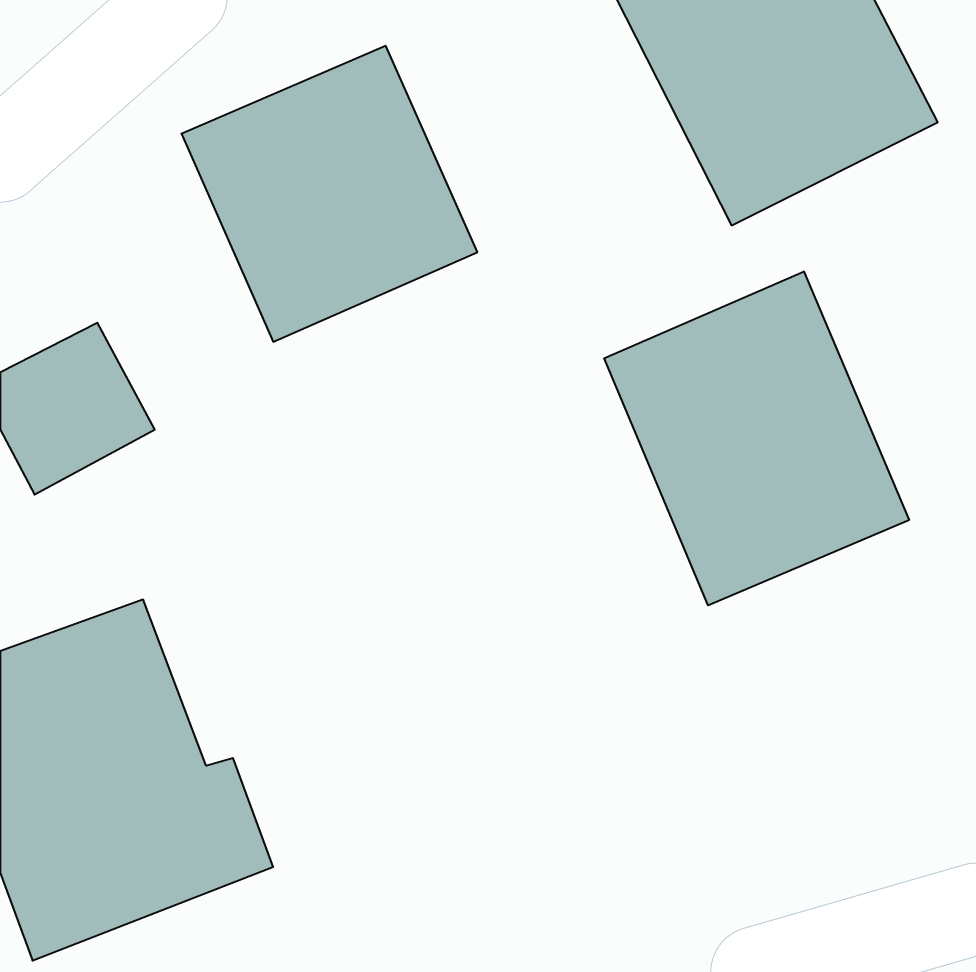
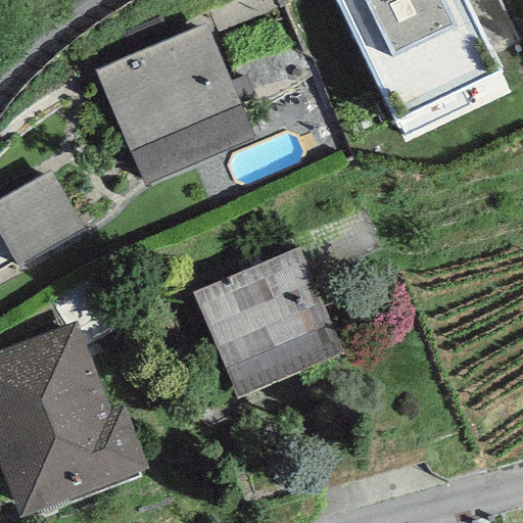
building: [604,271,909,605] -> none
building: none -> [192,245,343,396]

